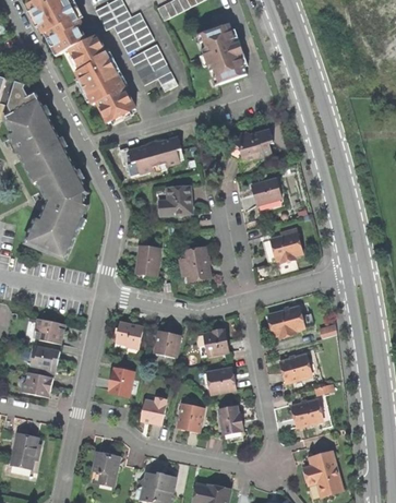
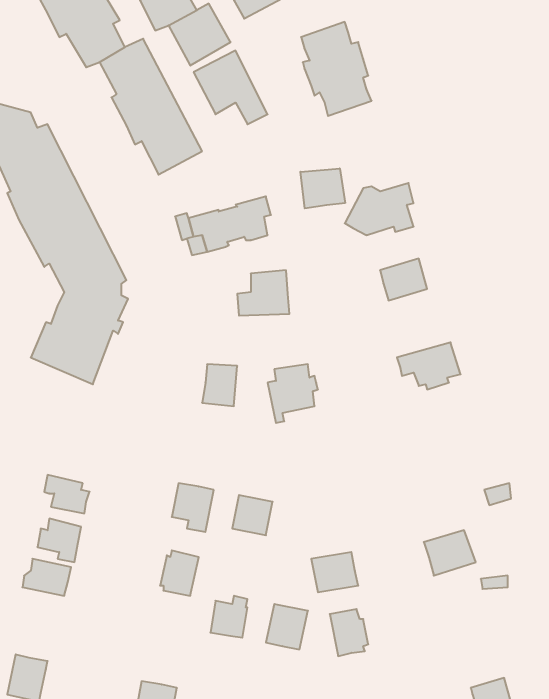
building: none -> [300,168,345,208]
building: [264,304,304,338] -> none
building: [197,328,229,356] -> none
building: [290,398,323,427] -> none

